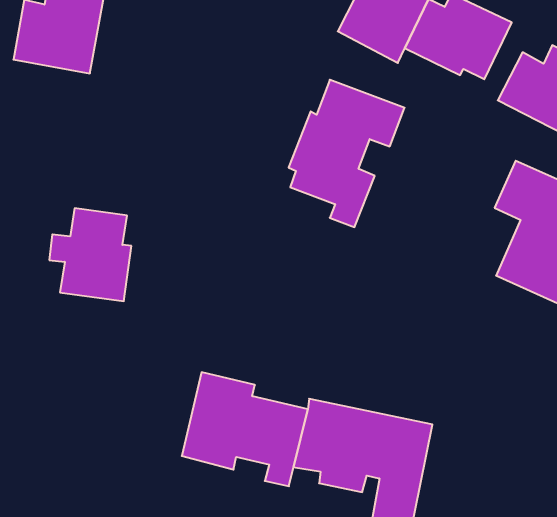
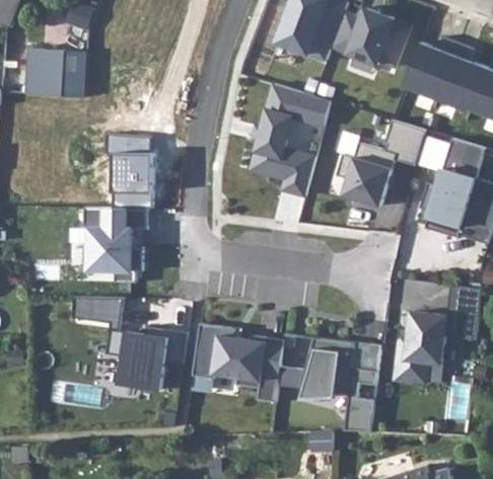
building: none -> [108,135,156,207]
building: none -> [330,122,425,208]
building: none -> [68,296,182,393]
building: none -> [390,280,453,385]

